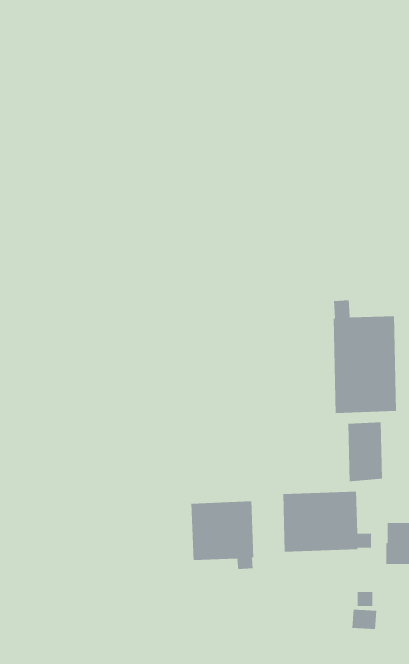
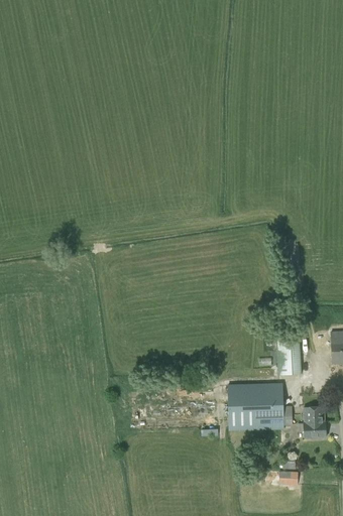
building: [333,299,397,414] -> none
building: [191,500,254,570] -> none

